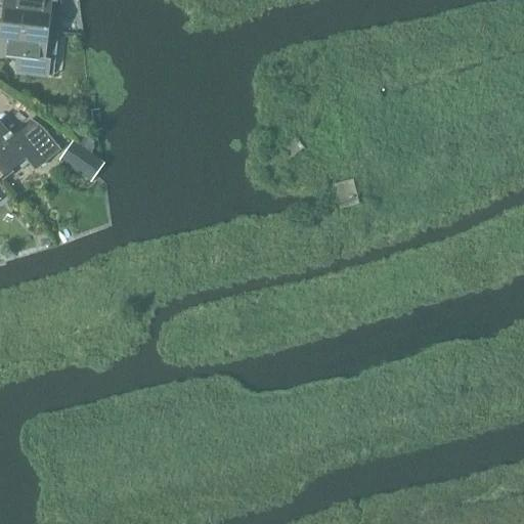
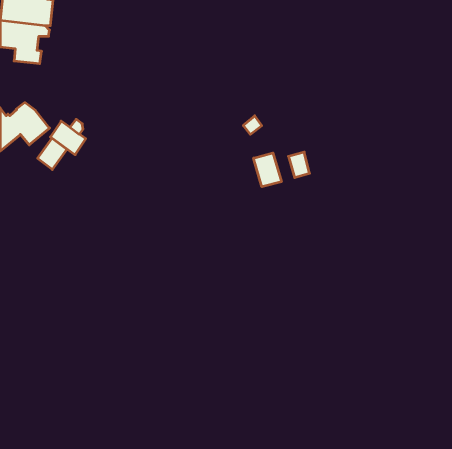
building: none -> [38,138,67,170]
building: none -> [254,153,281,187]

